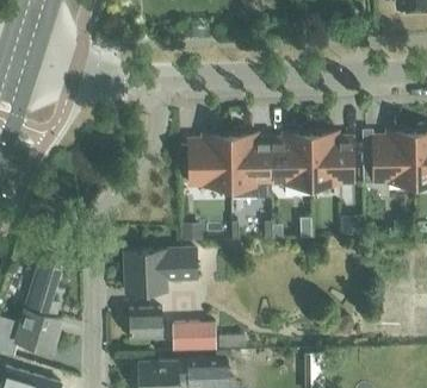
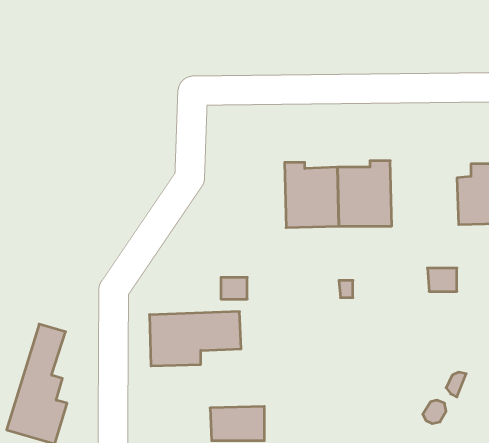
building: [311,133,353,184] -> none
building: [190,136,231,186] -> none
building: [129,311,162,339] -> none

